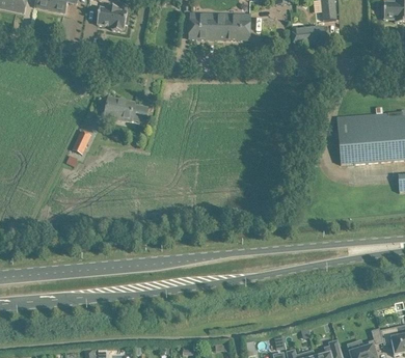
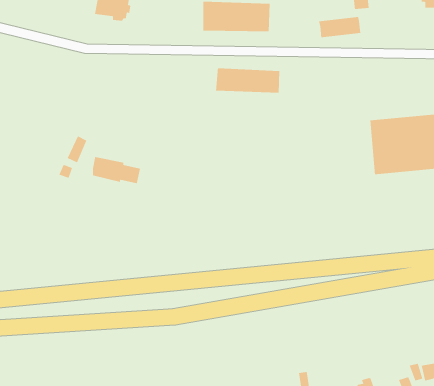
building: none -> [216,67,280,93]
building: [106,97,149,120] -> [92,156,141,184]

